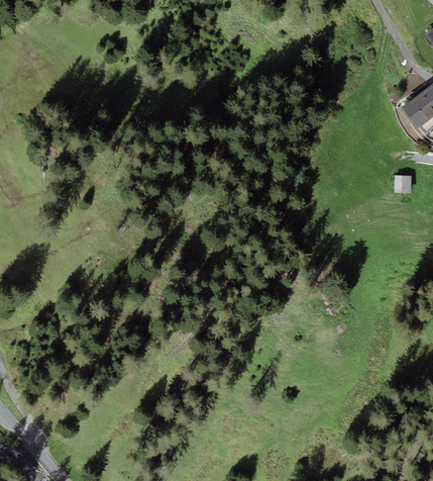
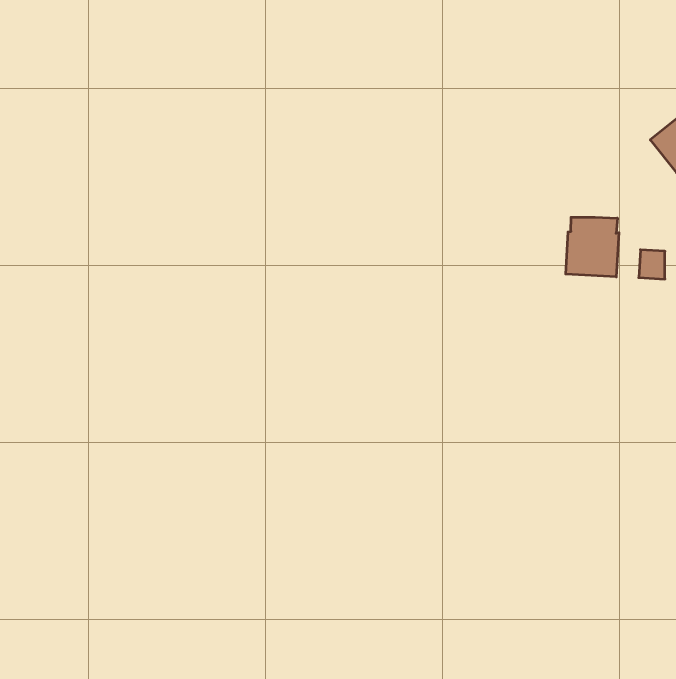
building: none -> [566,217,619,277]

